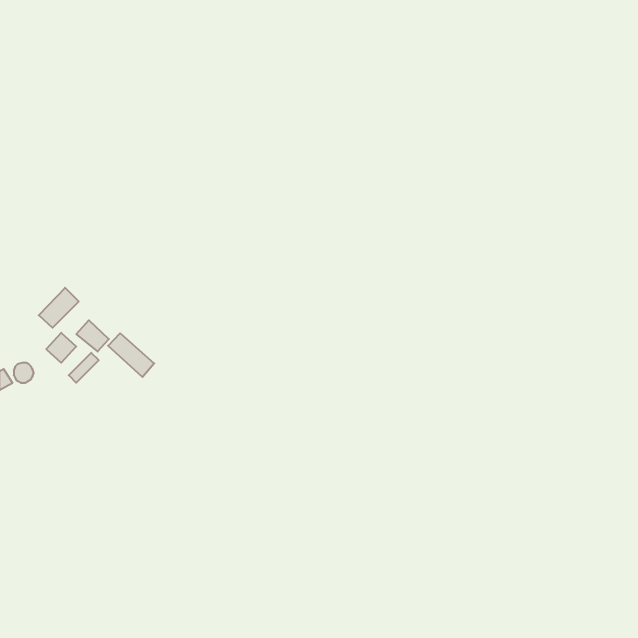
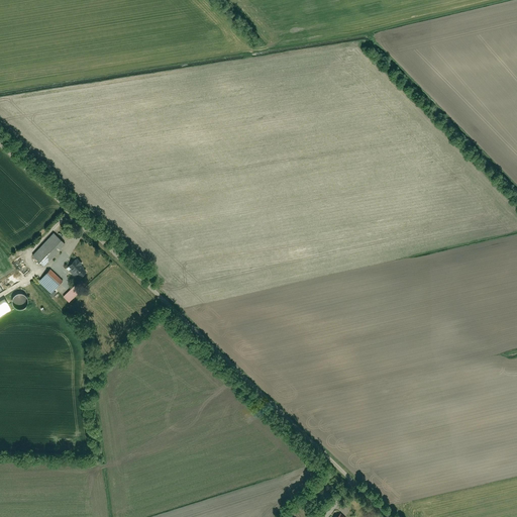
building: [108,333,154,377] -> none

